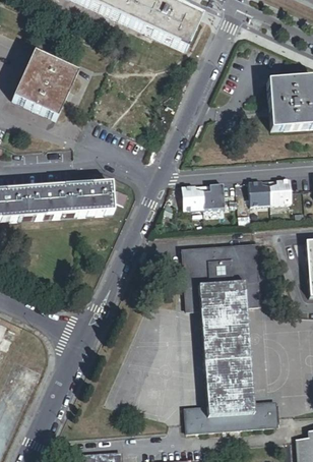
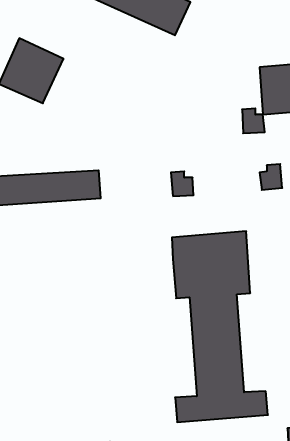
building: [247,180,269,205] -> [242,108,265,133]
building: [201,183,223,209] -> none

